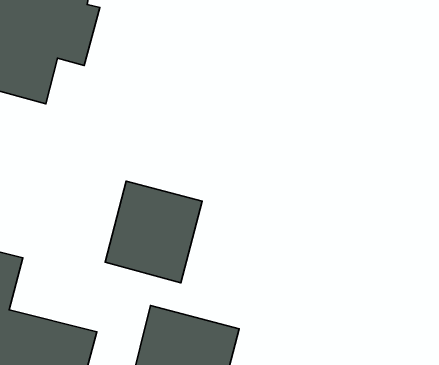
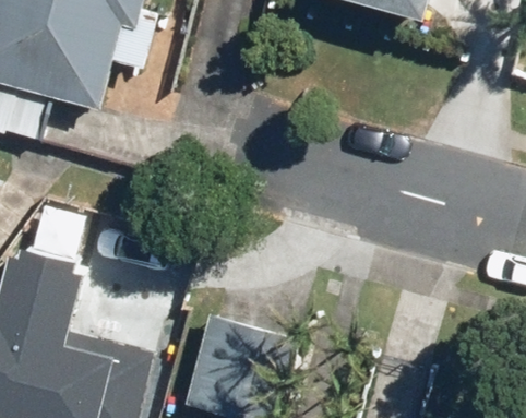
building: [105,181,202,283] -> none

